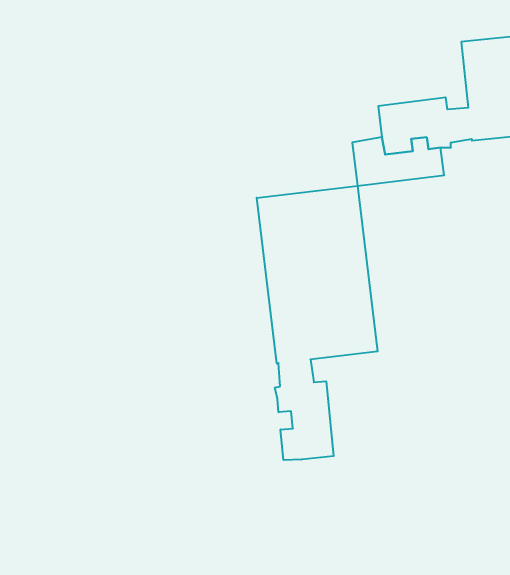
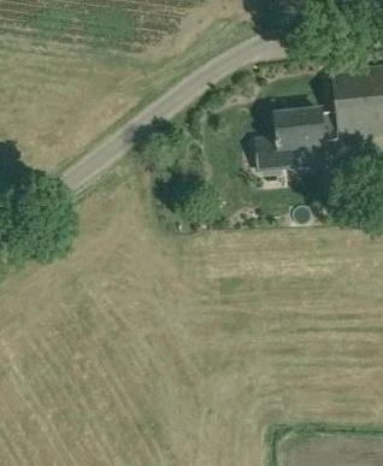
building: [257,186,378,460] -> none

